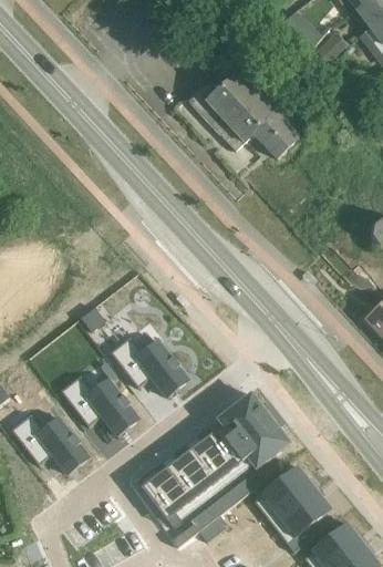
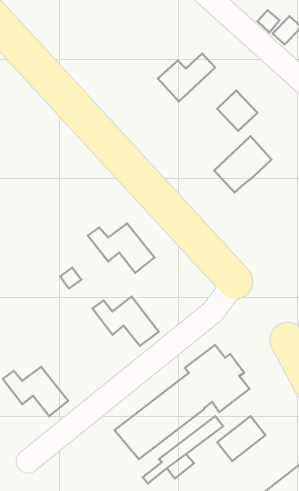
building: [213,87,276,150] -> [214,136,272,193]
building: [68,379,141,433] -> [88,223,154,273]
building: [271,493,324,543] -> none

